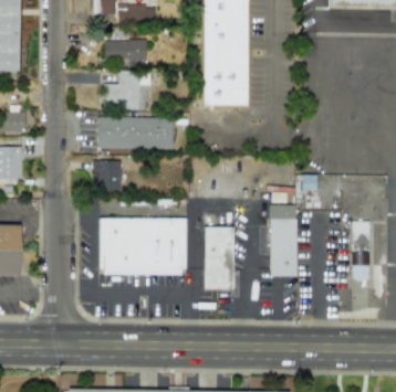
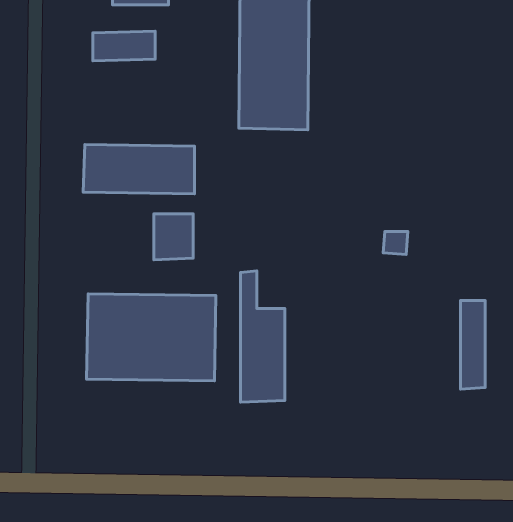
building: [103,70,147,109] -> none
building: [94,160,121,191] -> [154,214,193,260]
building: [269,204,296,275] -> none

